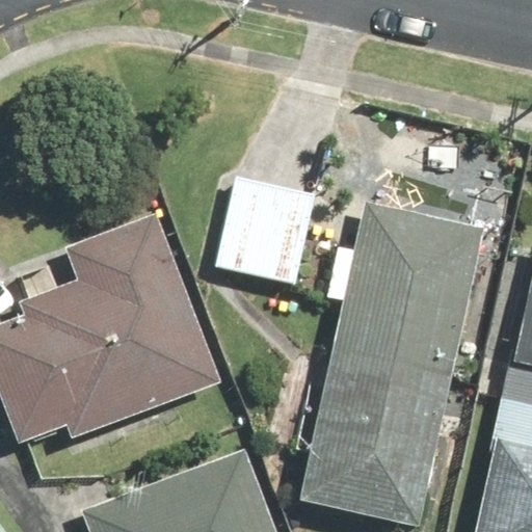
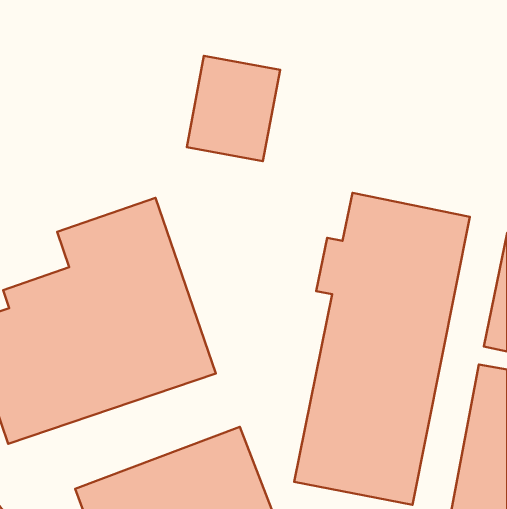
building: [214,175,311,284] -> [187,56,280,161]

